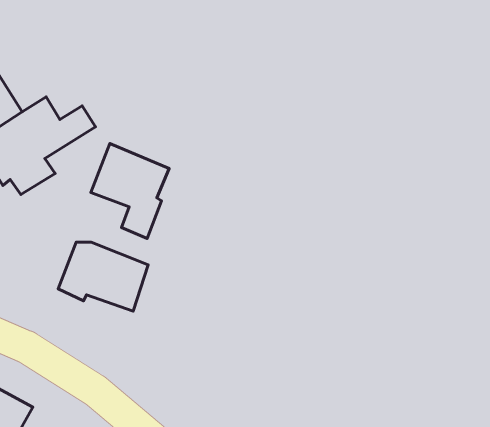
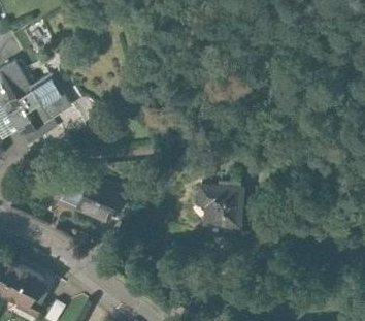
building: [91,144,169,239] -> none
building: none -> [201,172,242,228]

